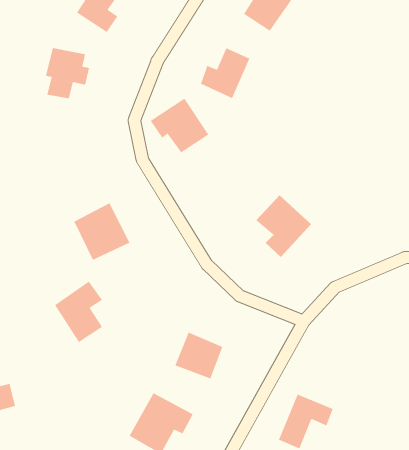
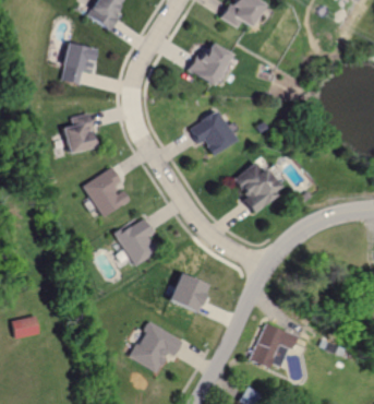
building: [150,98,209,153] -> [190,110,238,155]
building: none -> [63,112,98,154]
building: [54,281,103,343] -> [118,216,157,266]

